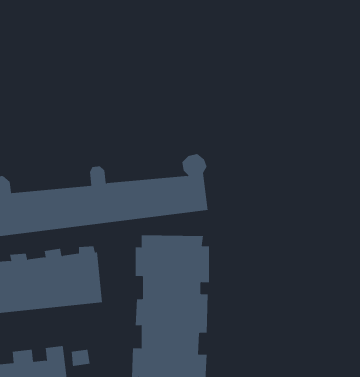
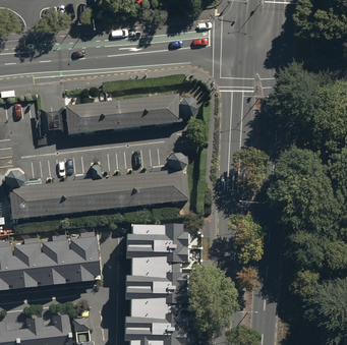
building: none -> [62,94,195,133]

